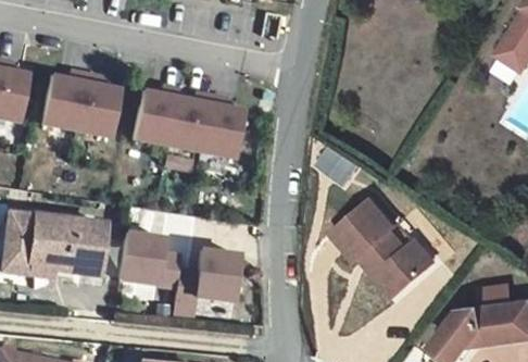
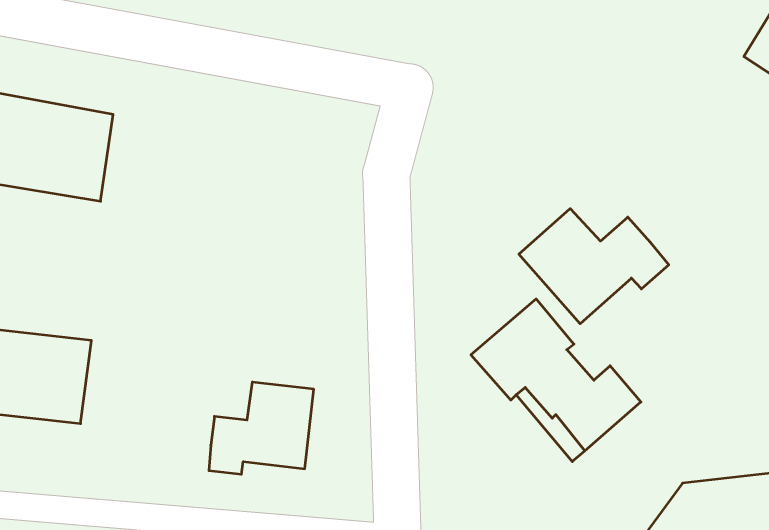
building: [130,90,246,160] -> none
building: none -> [519,209,669,324]
building: [120,232,181,286] -> none

